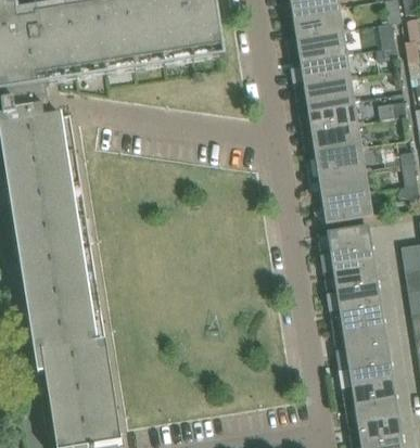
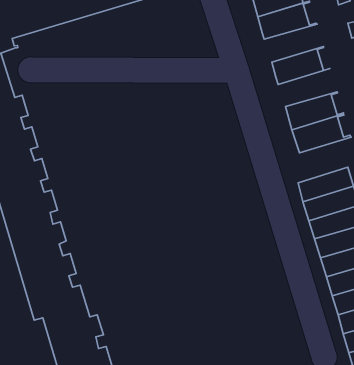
building: [307,99,365,130] -> none
building: [315,144,372,176] -> none
building: [318,225,372,253] -> none

